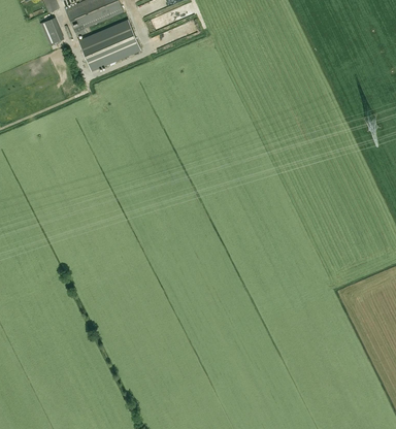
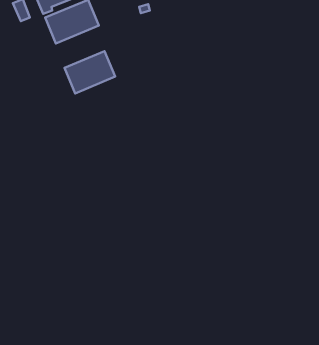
building: none -> [64,51,115,93]

